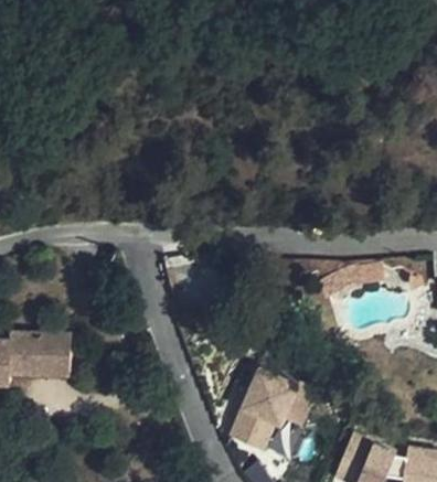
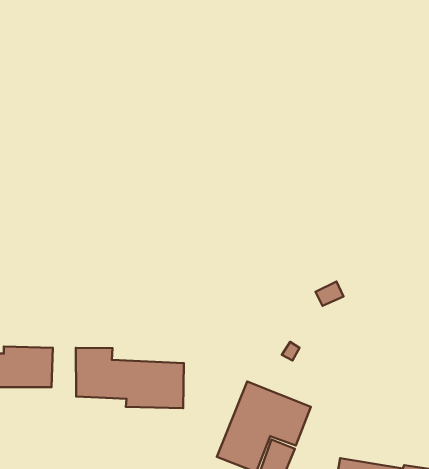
building: none -> [76,348,184,408]

